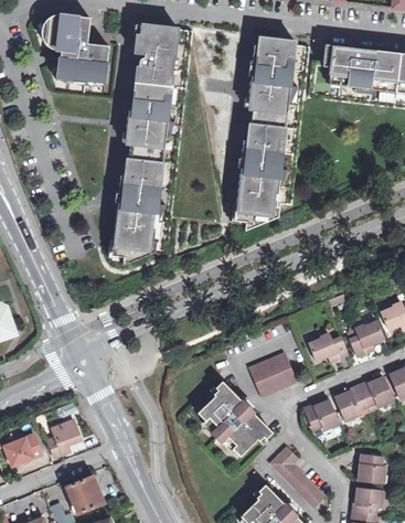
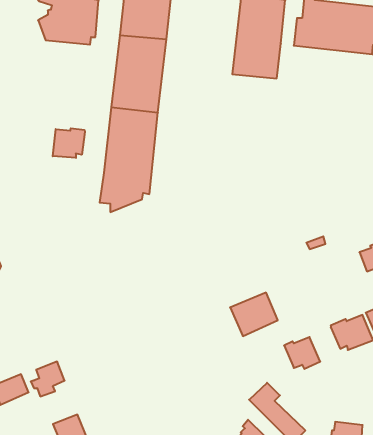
building: [236,124,296,232] -> none
building: none -> [53,128,85,158]
building: [347,318,387,356] -> none
building: [308,330,350,361] -> none
building: [194,380,275,457] -> none
building: [334,387,364,421] -> none
building: [358,452,388,483] -> none

